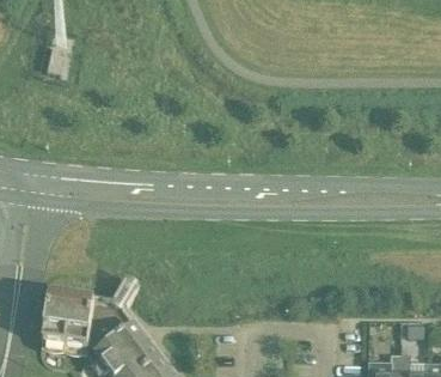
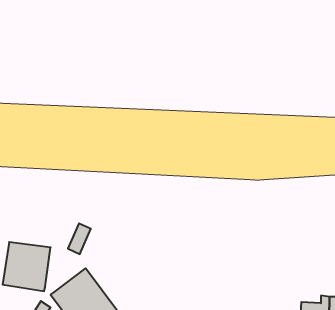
building: [87,300,131,349] -> none

